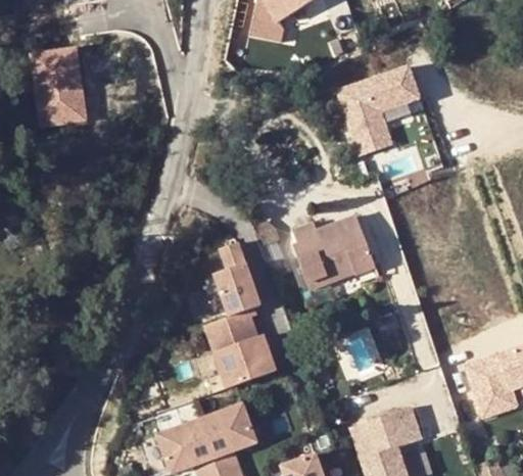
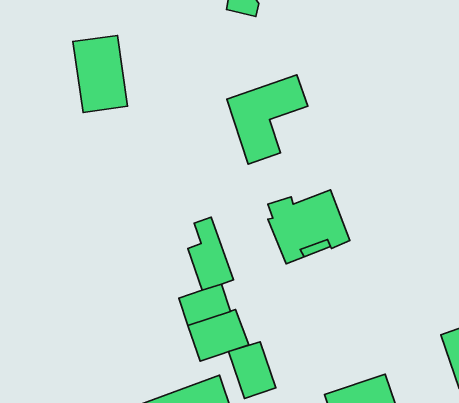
building: [32,48,87,126] -> [73,35,128,112]
building: [339,66,421,156] -> [227,75,308,164]
building: none -> [228,342,276,398]

